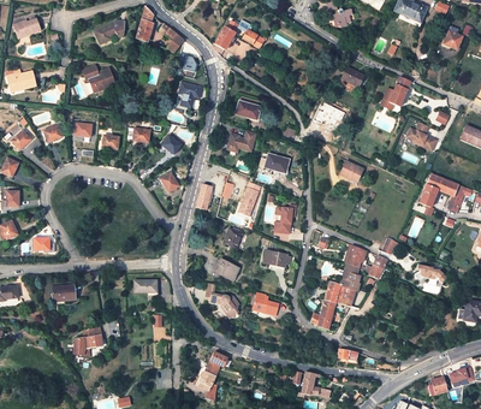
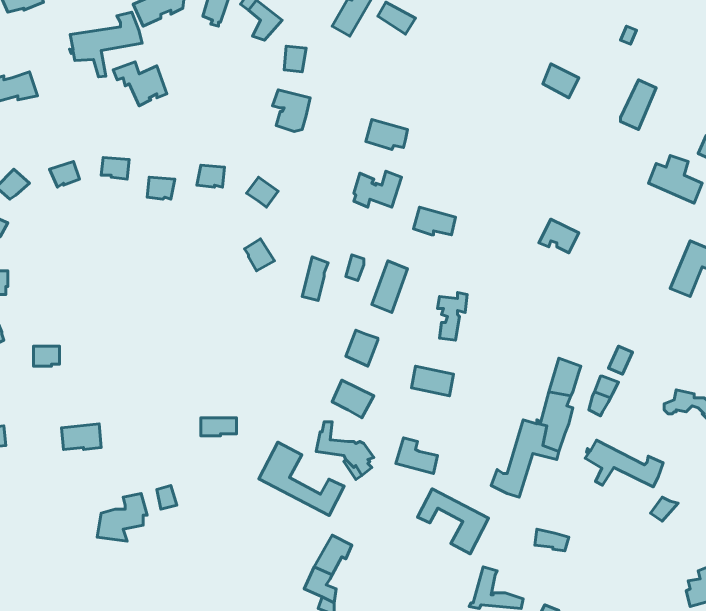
building: none -> [70,12,142,77]
building: none -> [585,440,663,487]
building: none -> [259,442,344,516]
building: none -> [418,489,489,554]

